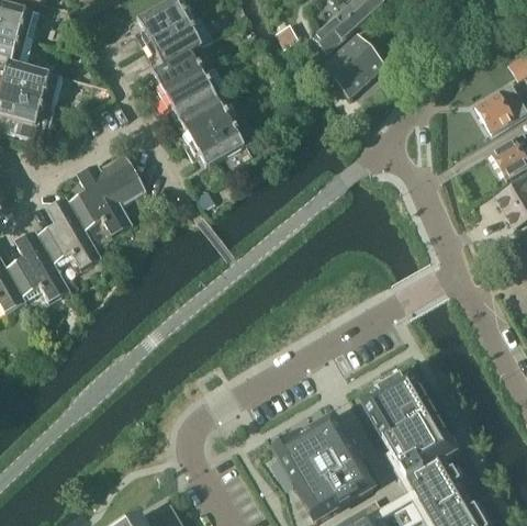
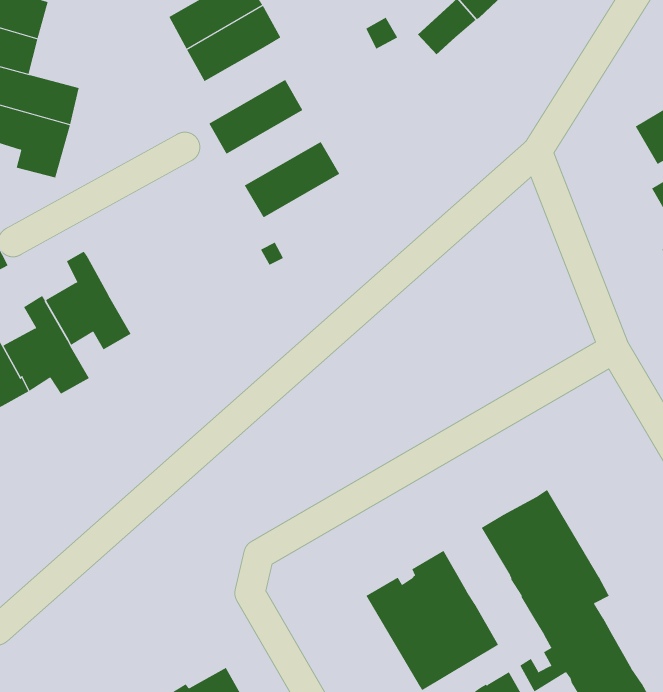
building: [321,35,383,97] -> none
building: [143,45,214,102] -> none
building: [170,92,240,148] -> none
building: [67,153,145,237] -> none

